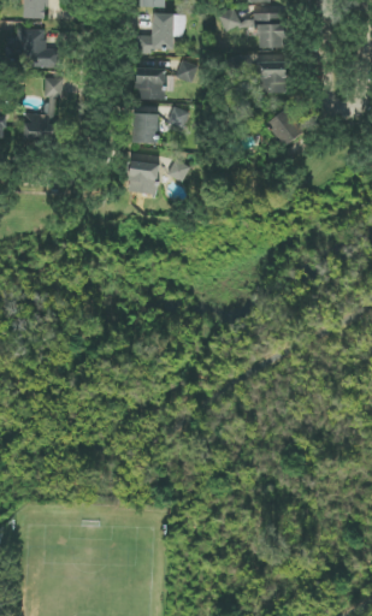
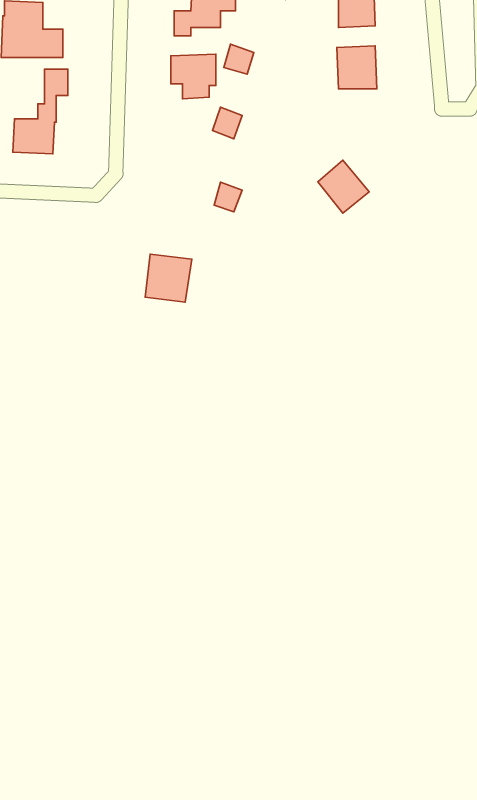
building: [267,108,305,147] -> [318,160,369,213]
building: [134,113,159,143] -> none
building: [126,160,160,195] -> [145,254,192,302]

